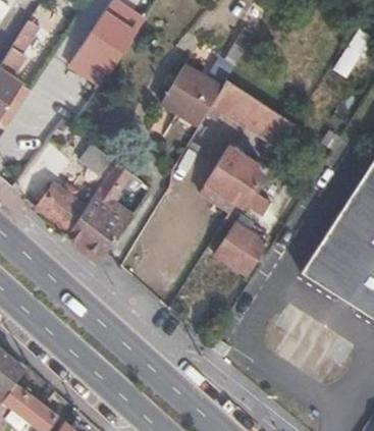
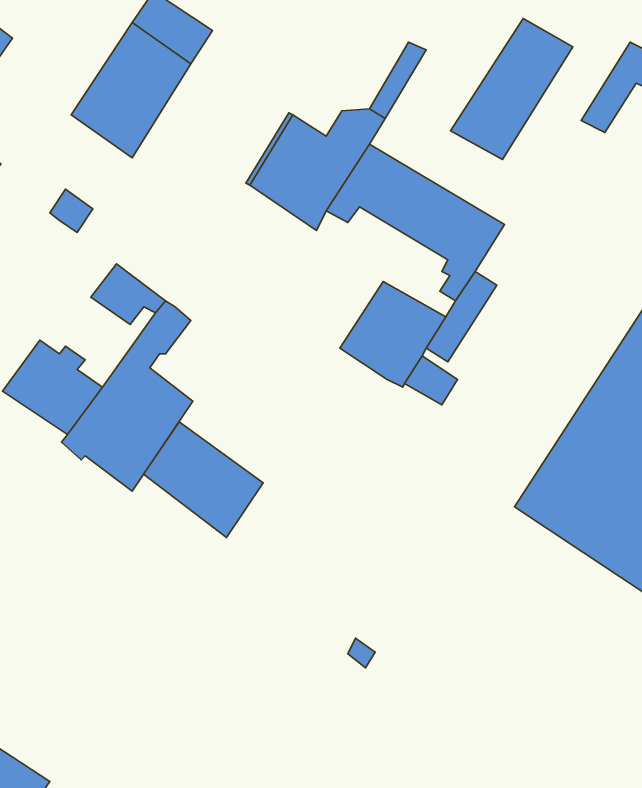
building: none -> [451,19,573,160]
building: [214,222,266,274] -> none
building: none -> [143,422,263,538]

